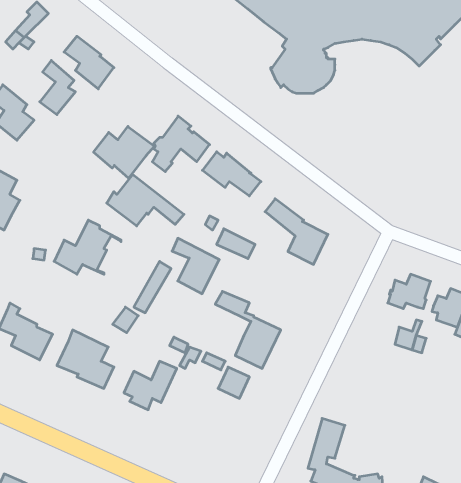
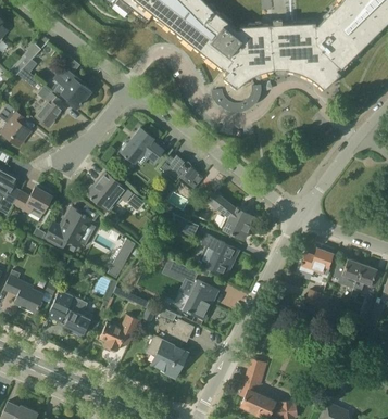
building: [94,126,154,178] -> none
building: none -> [13,188,52,218]
building: [172,238,219,294] -> [202,234,238,277]
building: none -> [146,335,188,379]

